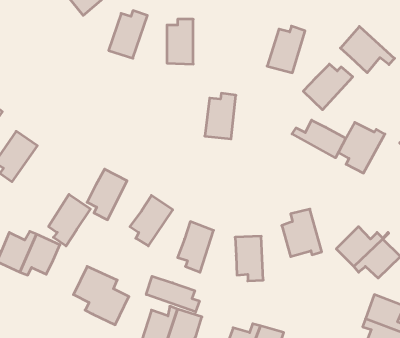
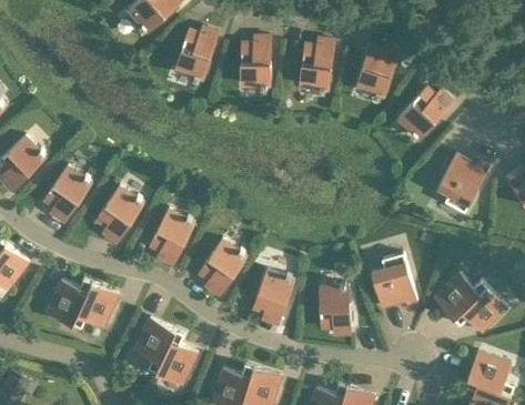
building: [340,26,395,73] -> none
building: [205,93,236,139] -> [297,40,333,92]
building: [292,120,346,158] -> none
building: [49,194,90,246] -> [95,185,143,244]
building: [146,276,199,312] -> none

